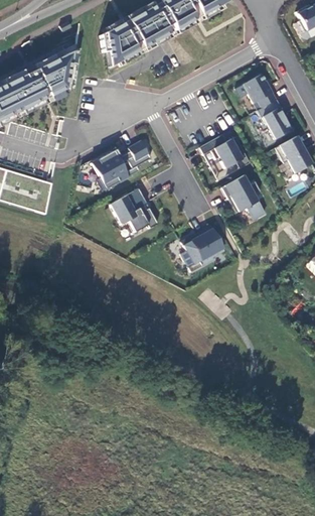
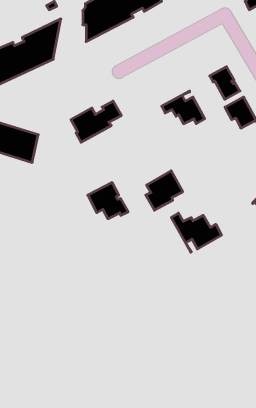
building: [243,74,277,108] -> none
building: [221,175,266,220] -> none
building: [110,188,158,232] -> [88,183,128,219]
building: none -> [171,213,221,252]

